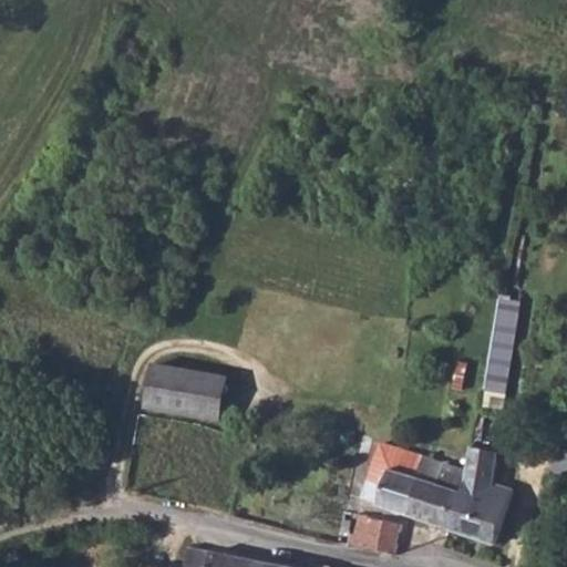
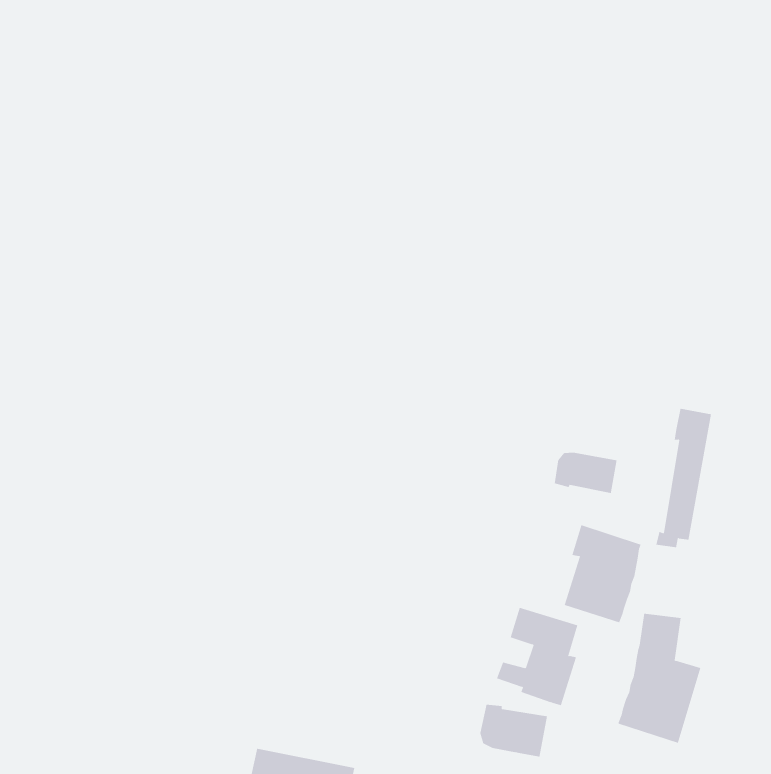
building: none -> [554,452,617,494]
building: [146,364,226,420] -> none
building: [410,457,466,529] -> [564,525,641,623]

